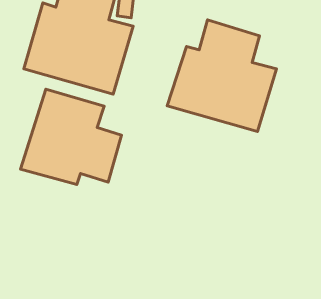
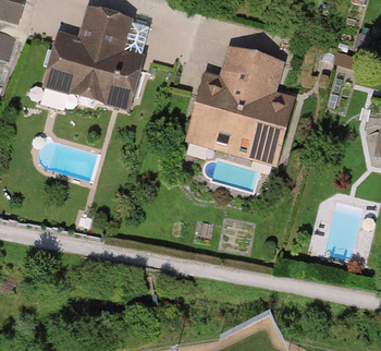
building: [21,89,122,185] -> none

